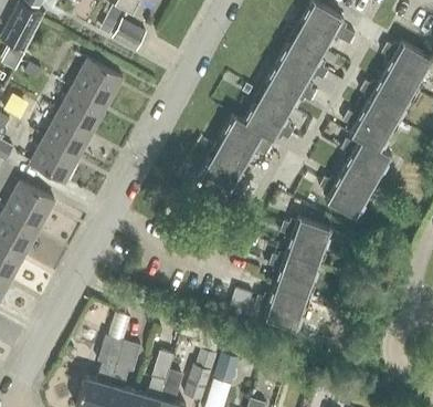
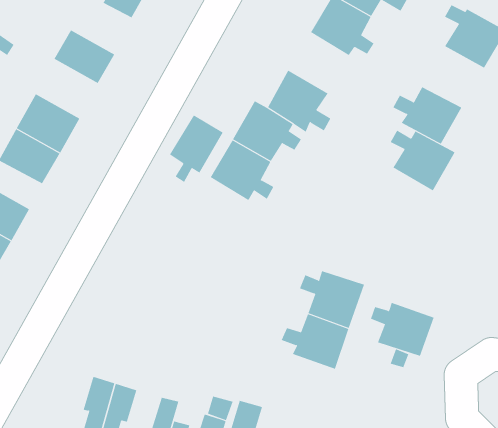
building: [260,62,315,111] -> none
building: [362,73,415,122] -> none
building: [60,83,109,131] -> none
building: none -> [169,115,223,183]
building: [319,169,374,218] -> none
building: [281,219,331,262] -> [370,302,434,357]

